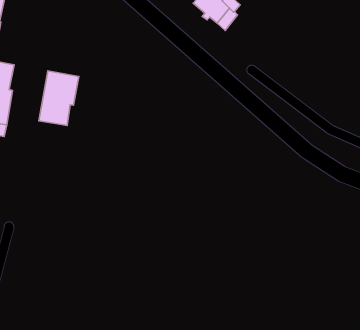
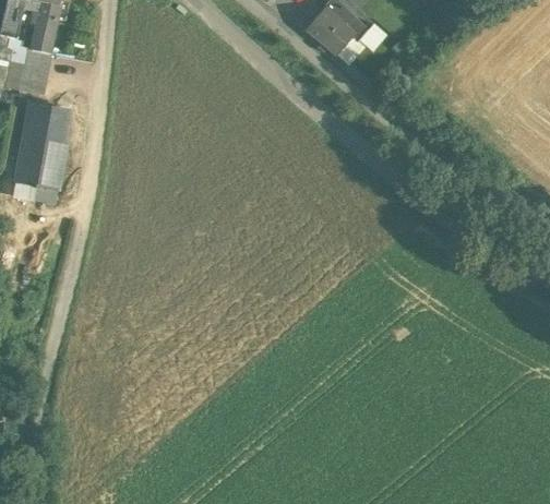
building: [39,71,79,125] -> none

